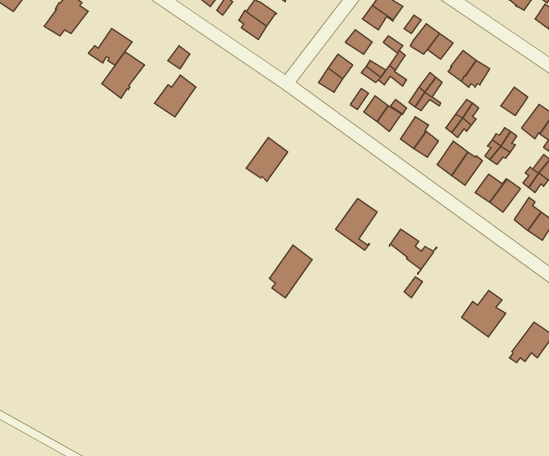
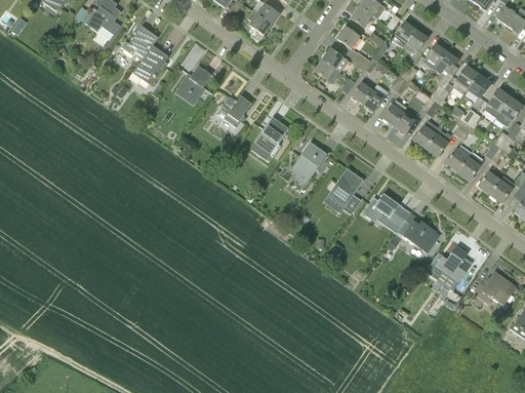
building: none -> [451,66,478,94]
building: none -> [216,95,251,127]
building: [269,245,312,298] -> [290,142,326,186]
building: none -> [397,213,439,252]

